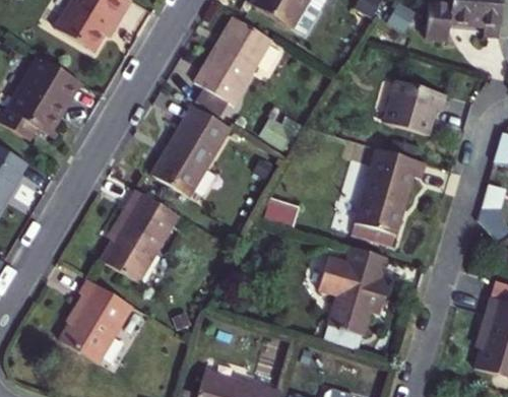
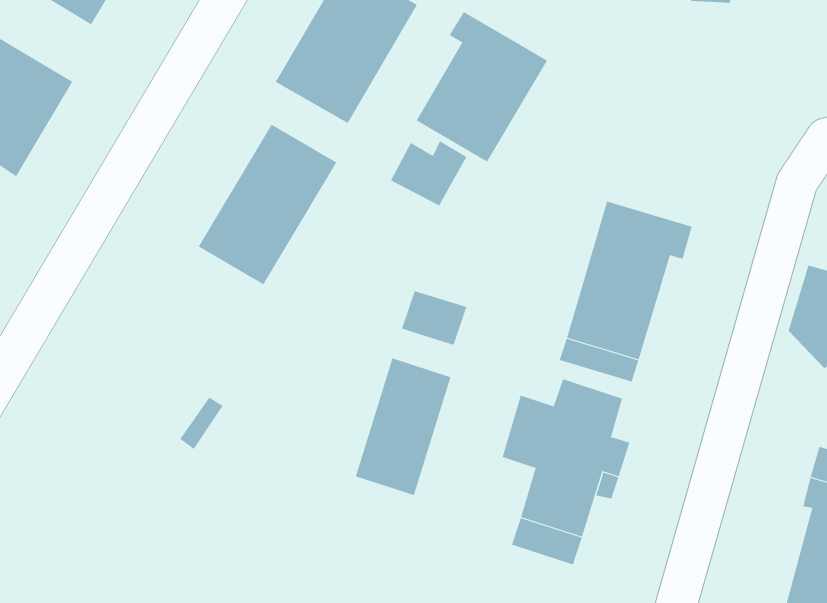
building: none -> [416,11,548,162]
building: [386,81,447,133] -> none
building: [101,189,177,280] -> none
building: none -> [355,358,451,496]
building: [60,278,132,361] -> none

